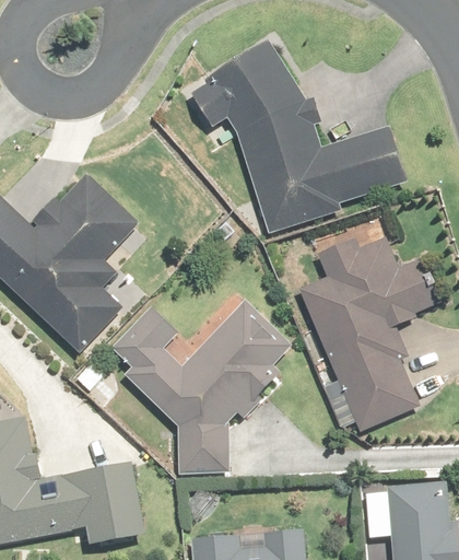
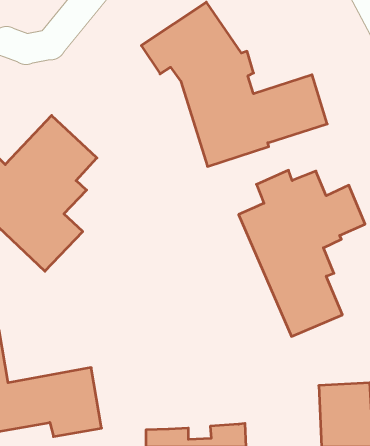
building: [114,299,295,474] -> none

